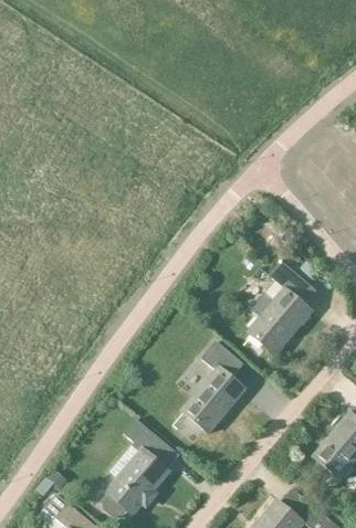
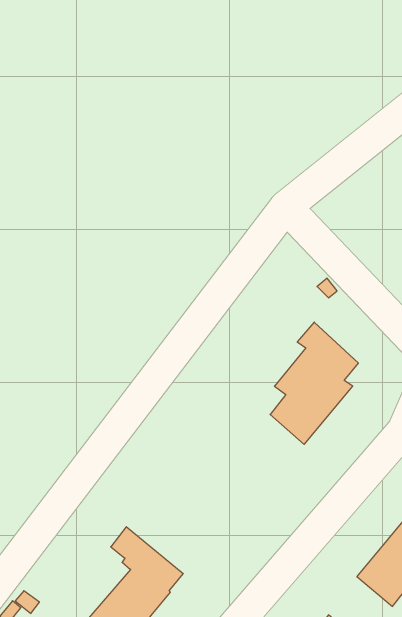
building: [181,341,244,433] -> none

